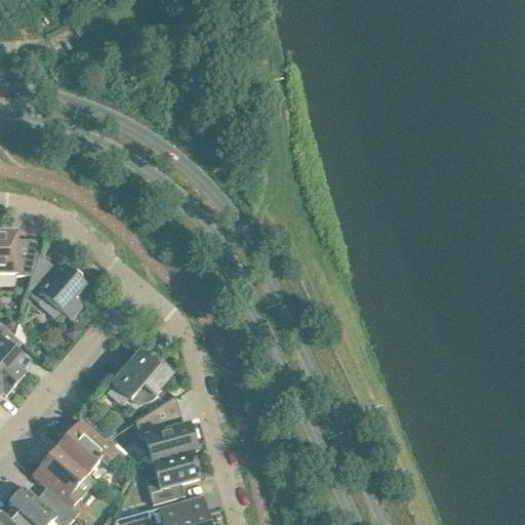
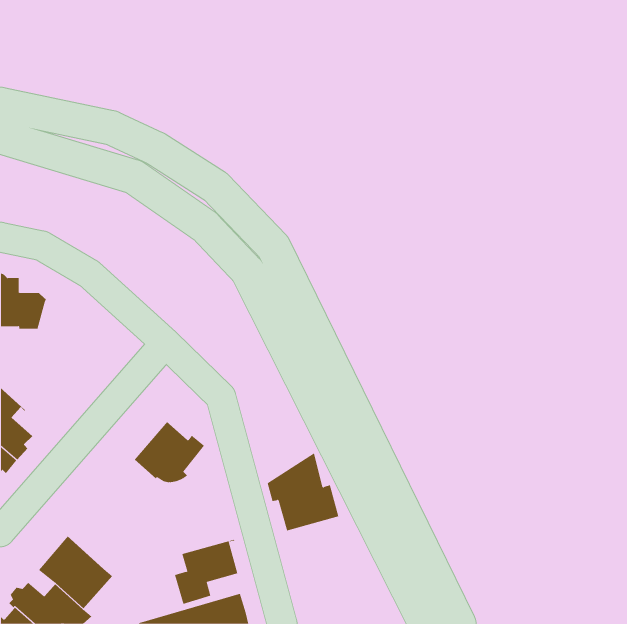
building: [27,252,86,319] -> none
building: [135,397,196,462] -> [267,452,339,531]
building: [56,419,118,475] -> none

